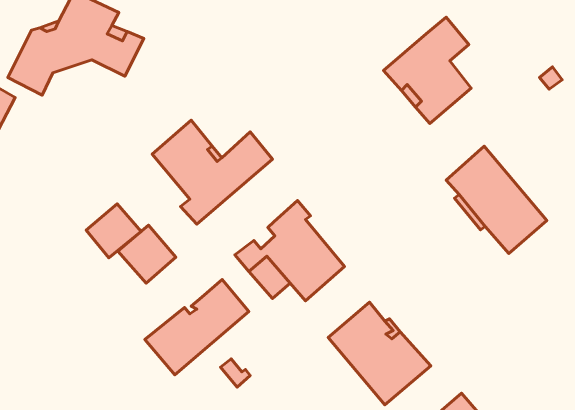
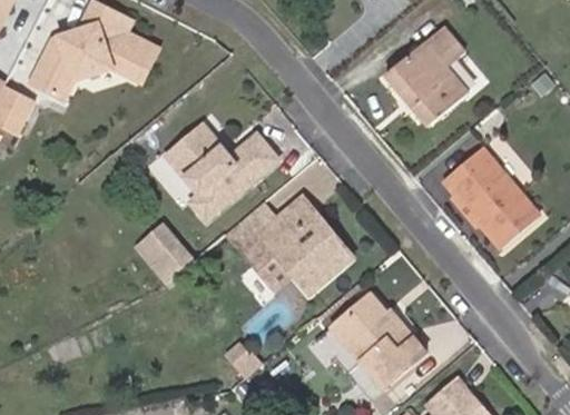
building: none -> [226,200,281,249]
building: [86,204,141,258] -> none
building: [145,279,249,375] -> none

